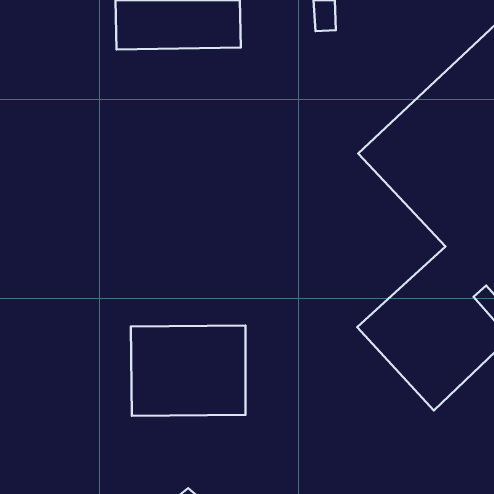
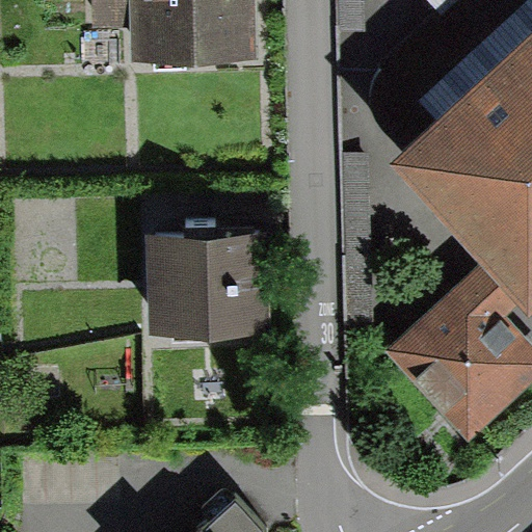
building: [131,326,245,416] -> [150,228,272,324]

